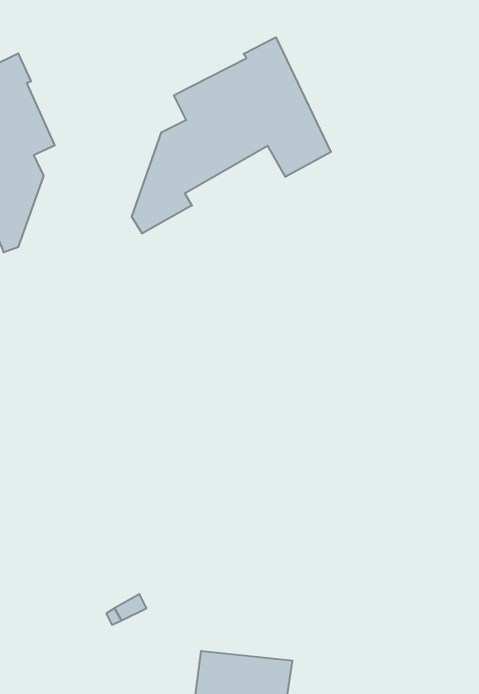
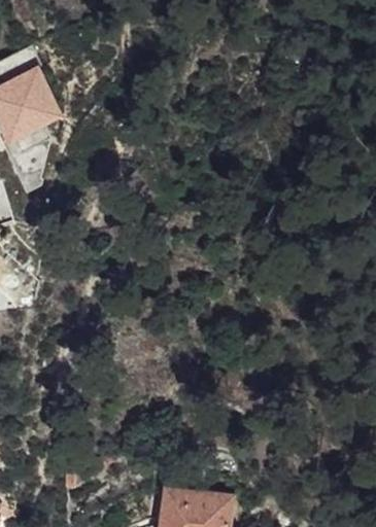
building: [132,37,331,233] -> none

